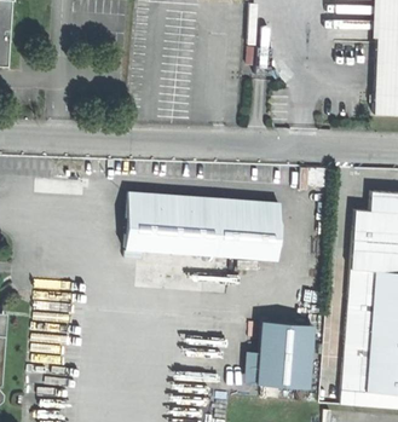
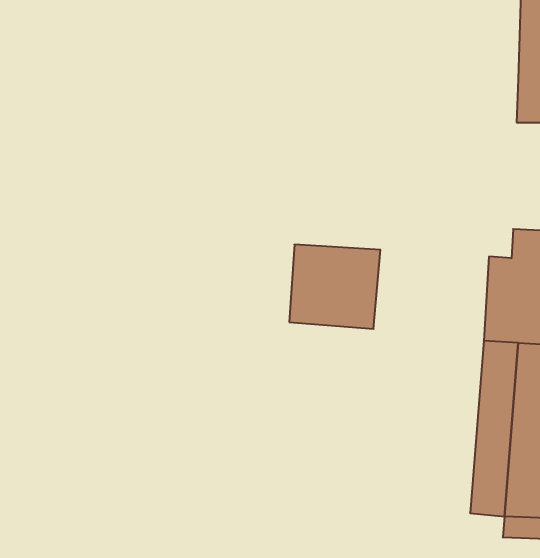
building: [123,191,220,254] -> none
building: [258,319,315,386] -> none

